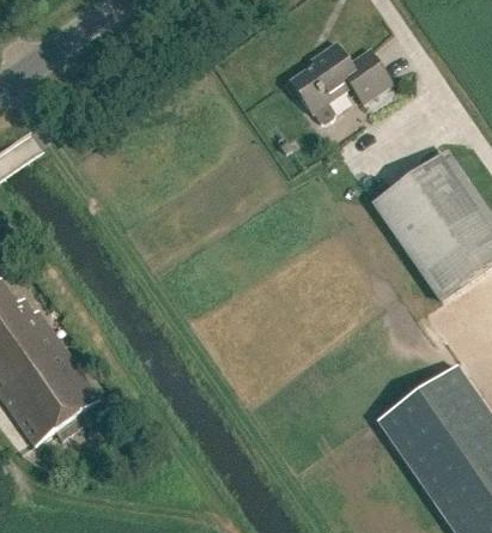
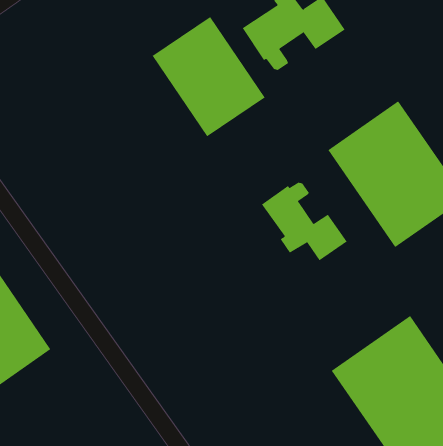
building: none -> [152,16,266,137]
building: none -> [261,182,347,261]

